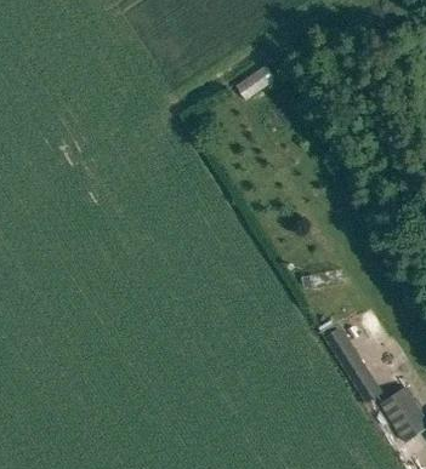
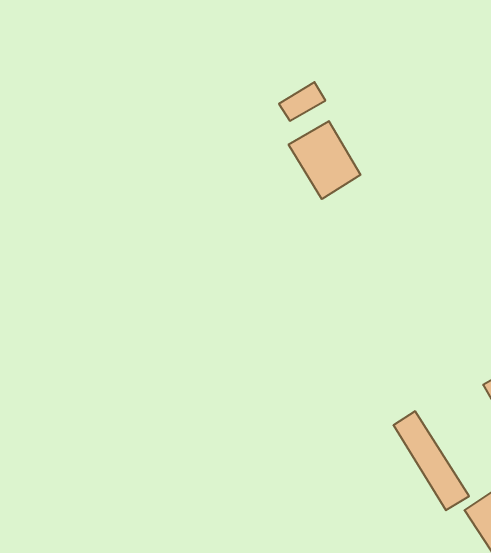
building: none -> [289,121,360,199]

